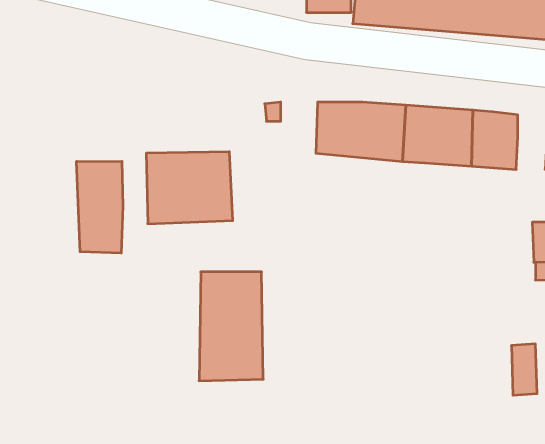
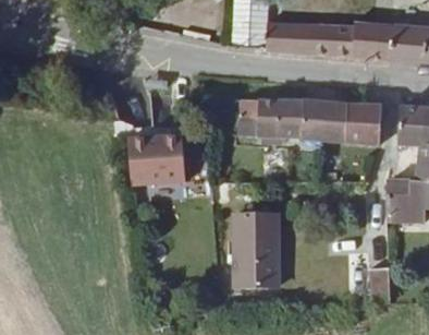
building: [77,161,123,253] -> none
building: [199,272,263,381] -> [236,216,280,290]

